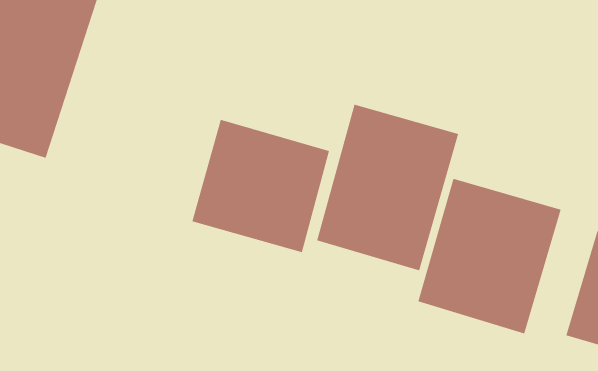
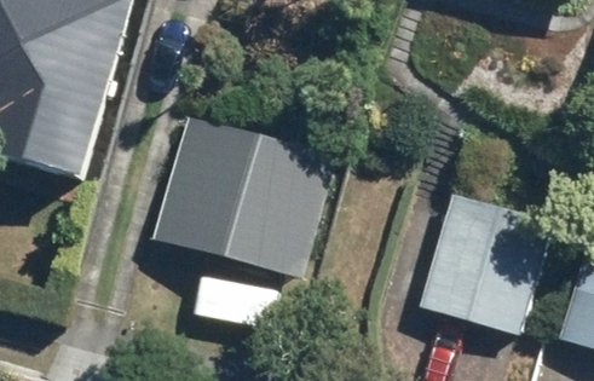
building: [316,104,459,271] -> none

